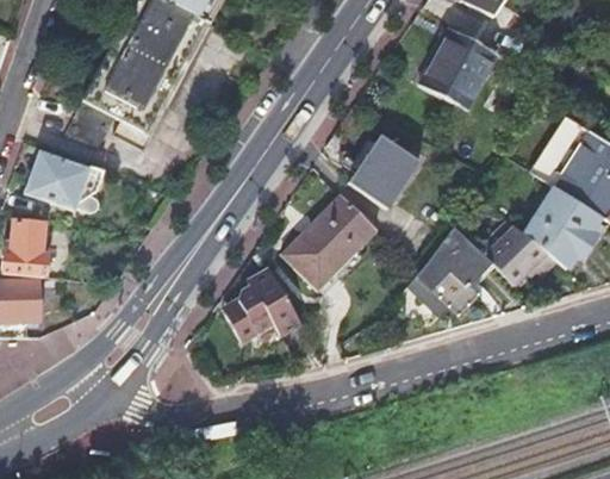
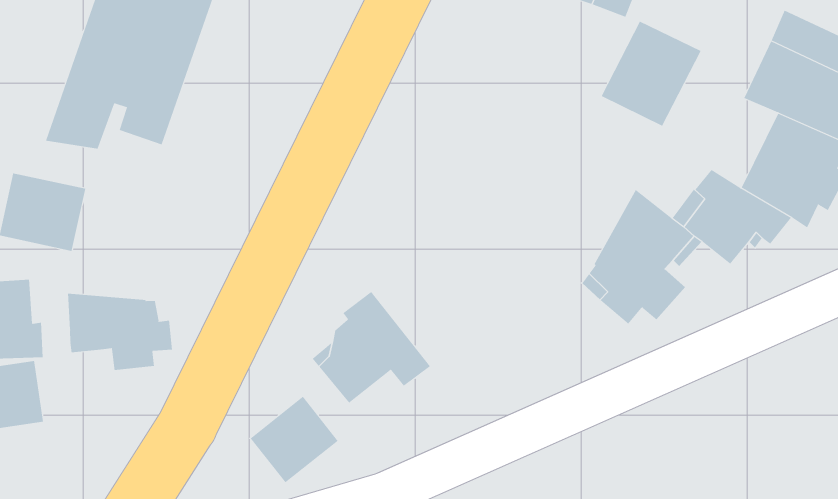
building: [349,133,421,206] -> [601,21,701,126]
building: [281,192,378,290] -> none
building: none -> [68,293,172,371]
building: none -> [250,396,338,483]

